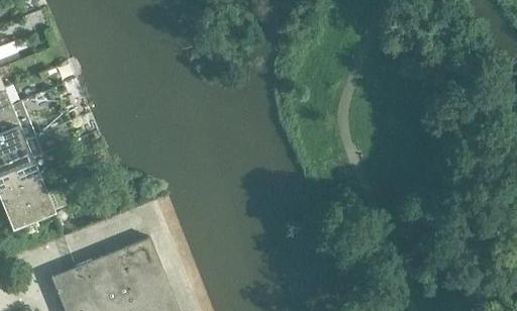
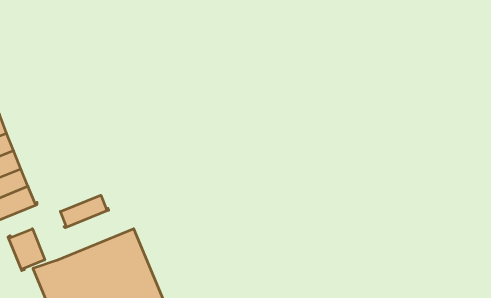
building: none -> [60,195,109,228]
building: none -> [8,229,45,271]

